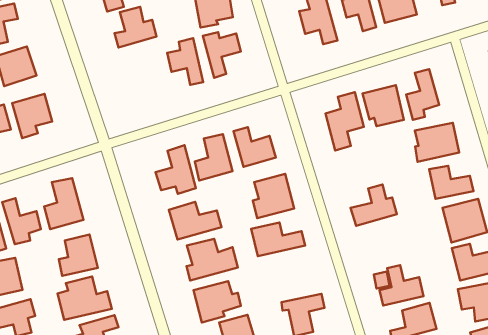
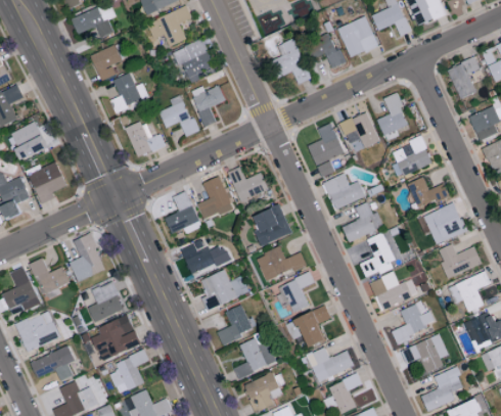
building: none -> [125,120,165,157]
building: none -> [323,173,365,210]
building: none -> [359,232,395,278]
building: none -> [280,273,314,312]

